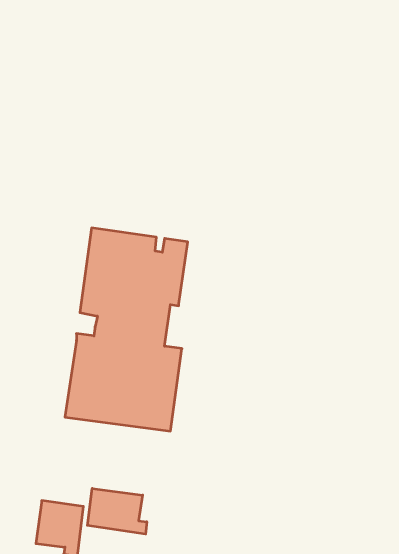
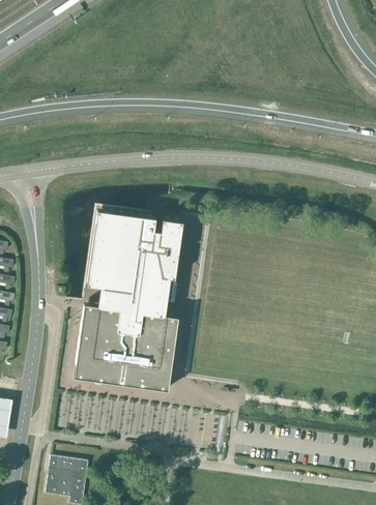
building: [87,488,147,534] -> none

